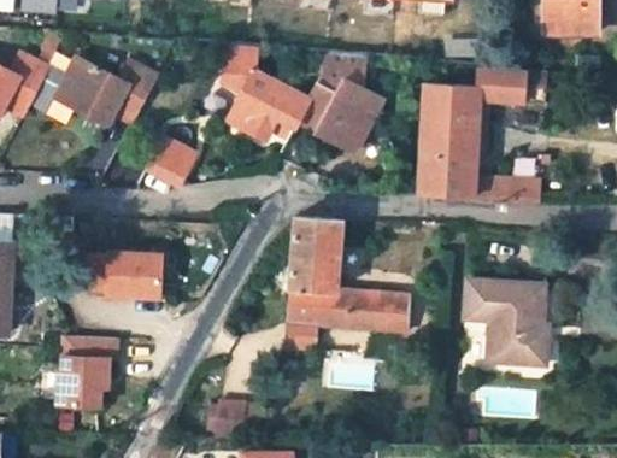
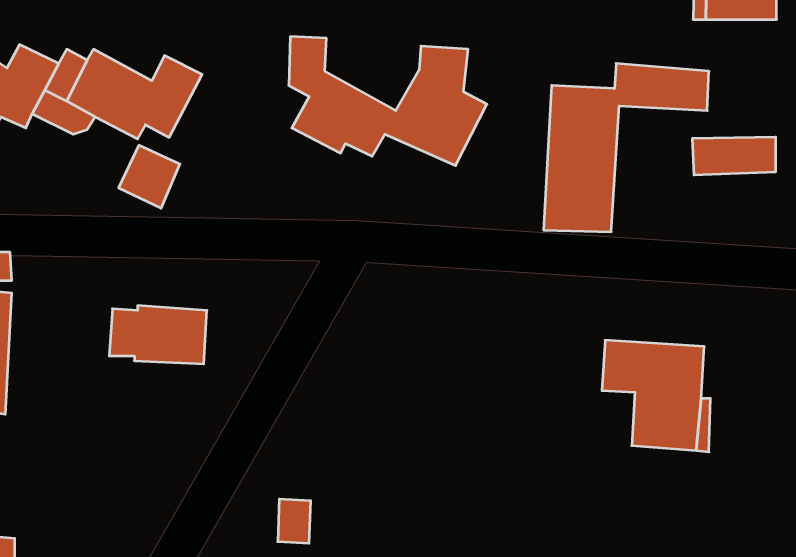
building: [147,136,194,184] -> [119,145,180,208]
building: [476,174,540,202] -> [692,137,776,175]
building: [286,218,409,331] -> none
building: [58,336,118,409] -> none

